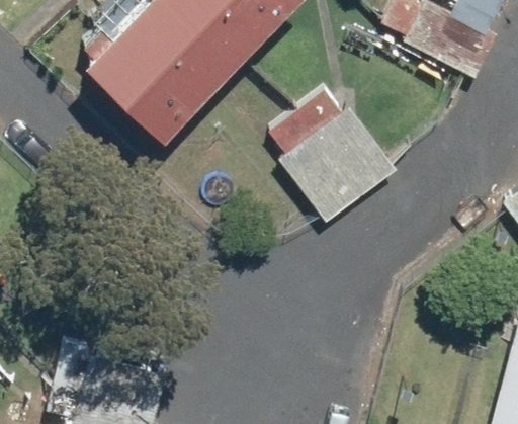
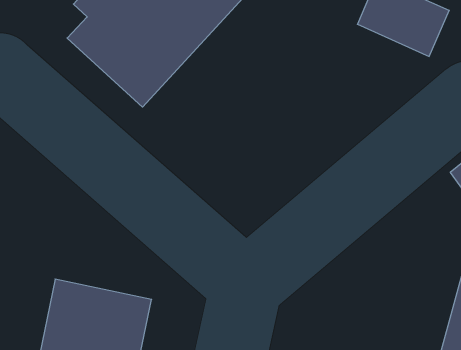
building: [266,93,404,230] -> none

